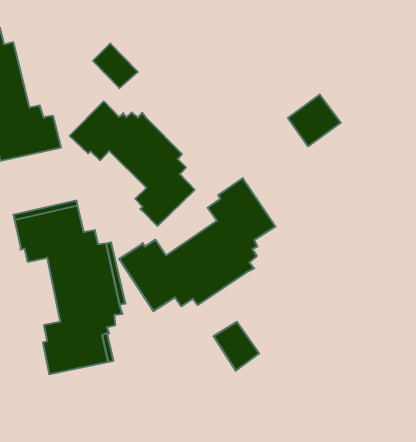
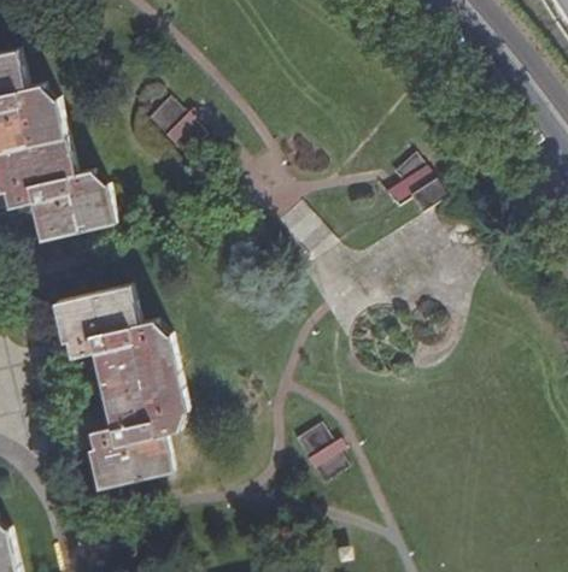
building: [70,101,195,226] -> none
building: [119,178,276,311] -> none

